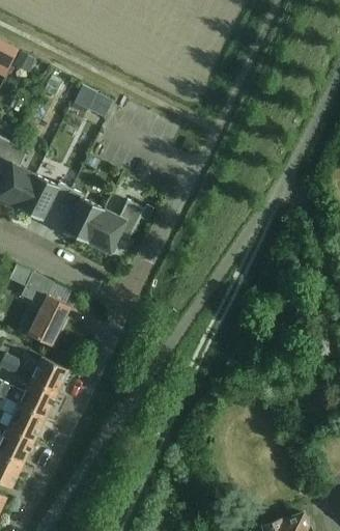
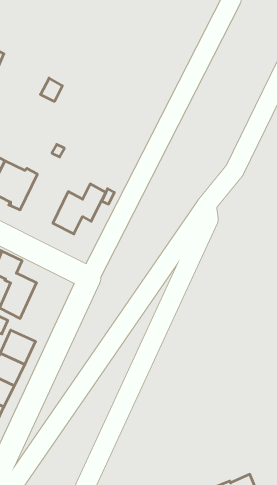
building: [52,189,104,242] -> none

